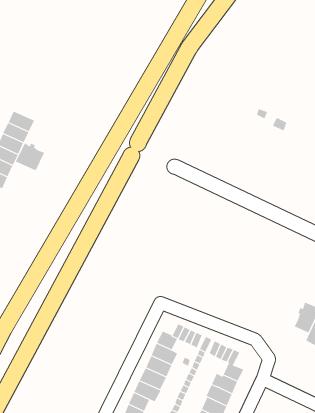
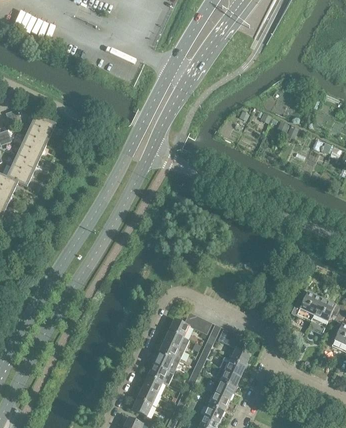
building: [15,142,45,171] -> none

